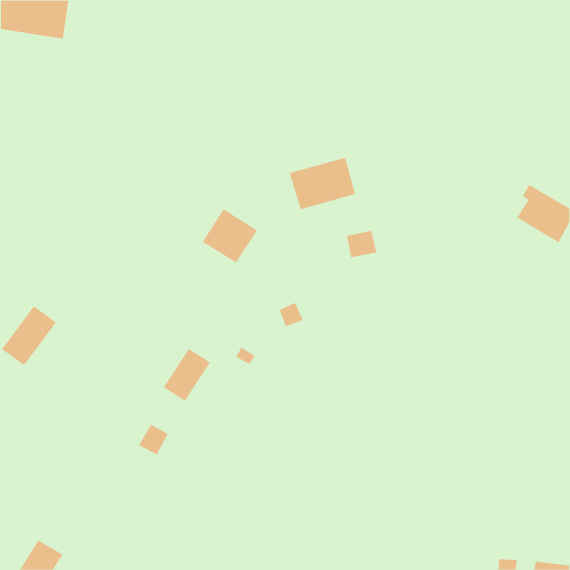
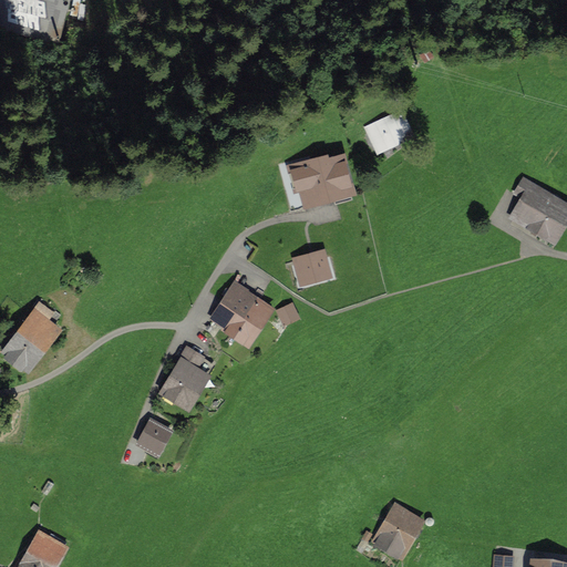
building: none -> [369,115,411,147]
building: [202,208,258,263] -> [214,286,269,340]
building: [346,230,377,258] -> [296,256,327,284]
building: none -> [377,507,424,558]

